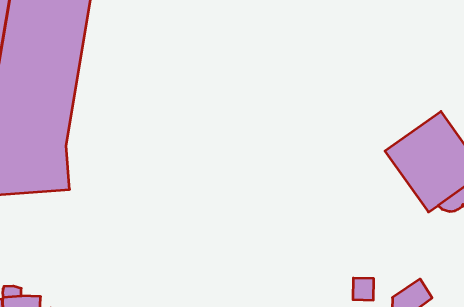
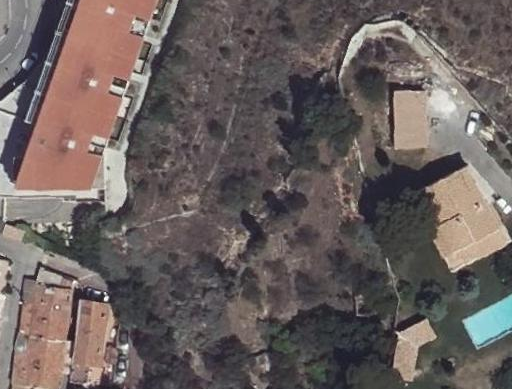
building: none -> [392,90,425,147]

